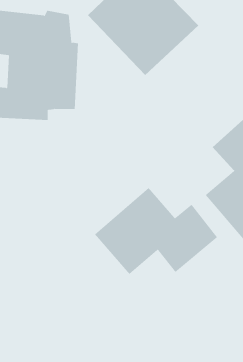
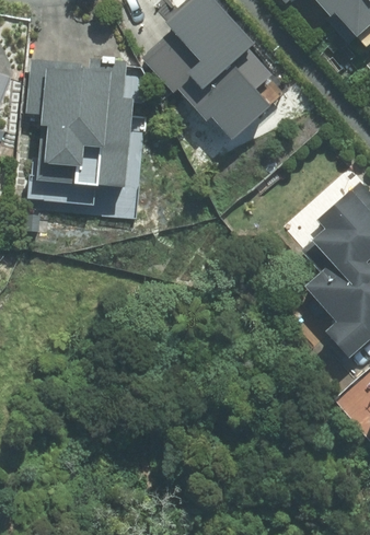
building: [94,187,218,275] -> none

